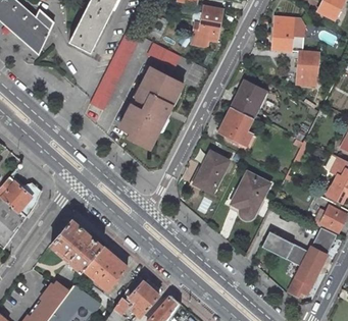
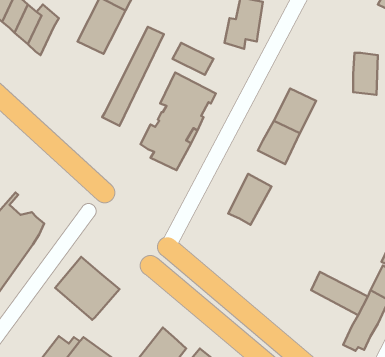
building: [271,16,304,51] -> none
building: [230,171,269,219] -> none
building: [83,246,127,289] -> none

